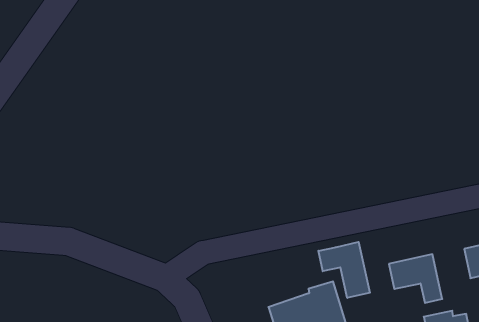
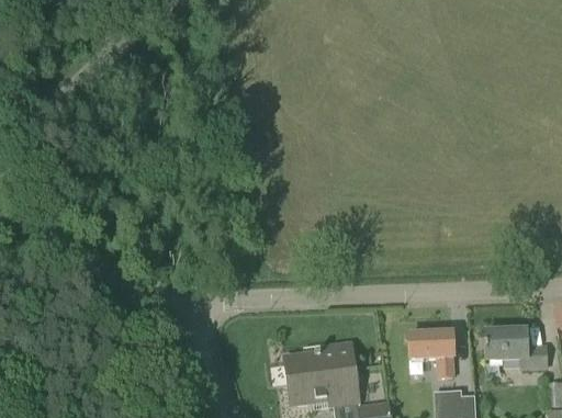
building: [318,242,370,298] -> none

